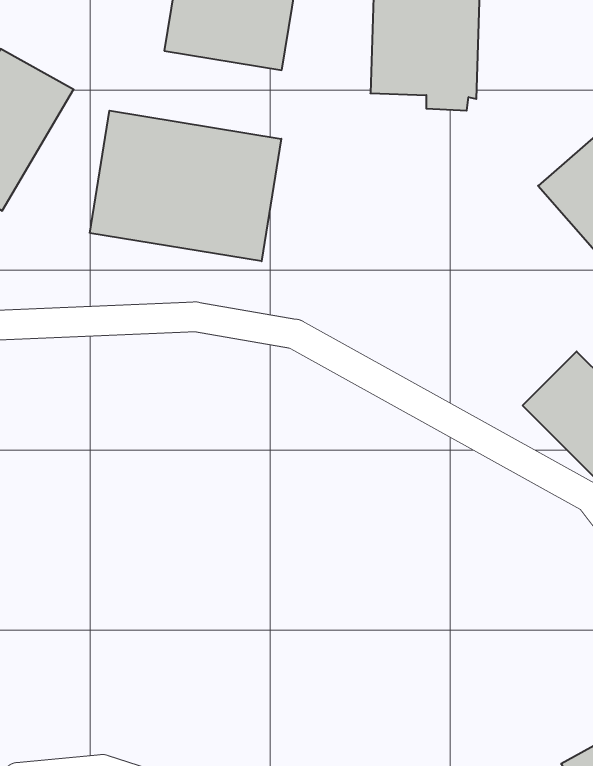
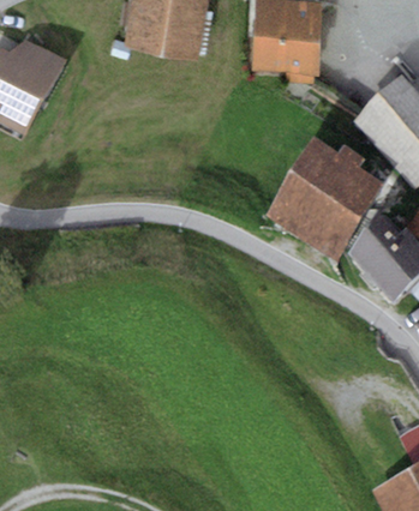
building: [90,111,281,261] -> none
building: none -> [269,146,383,260]

